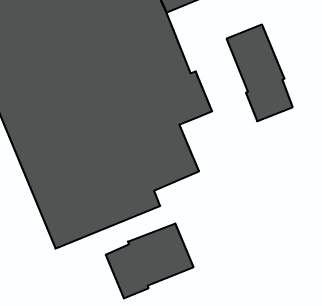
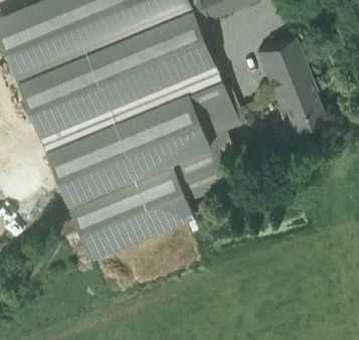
building: [106,223,193,299] -> none

